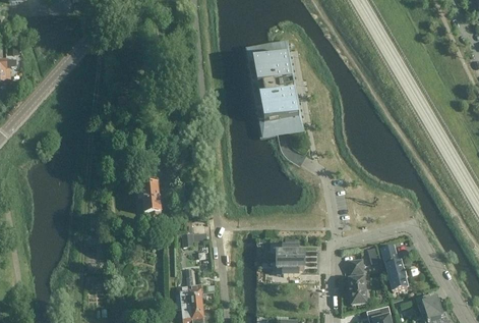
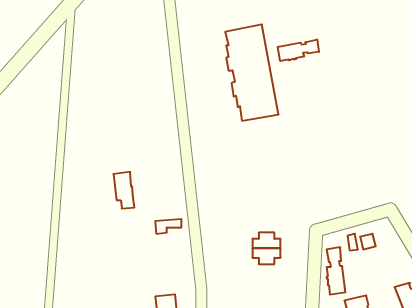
building: none -> [278,39,319,61]
building: [385,260,407,289] -> none
building: [180,275,201,306] -> none

